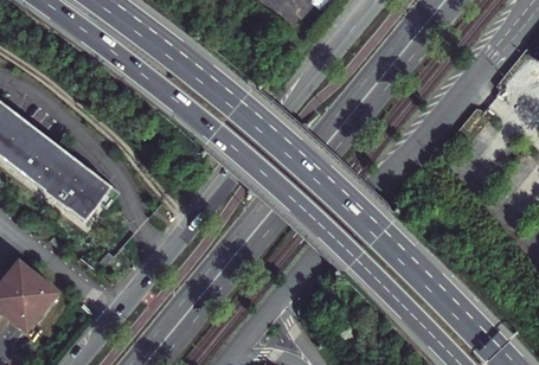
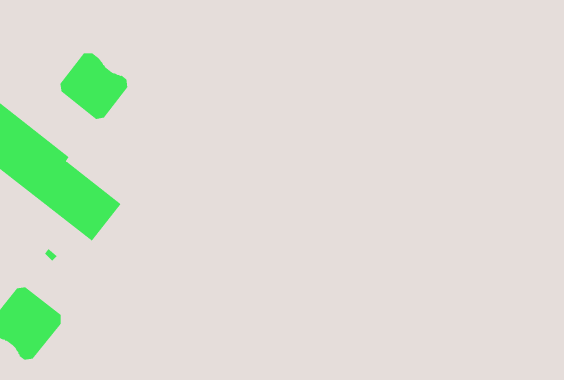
building: none -> [60,52,128,120]

